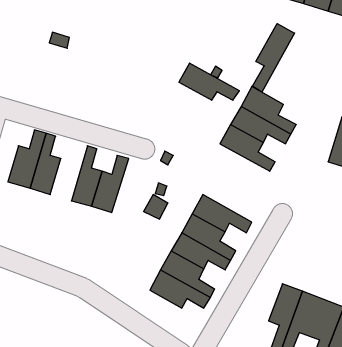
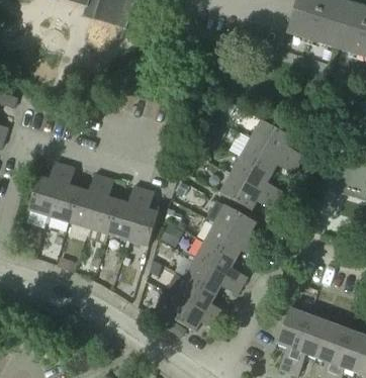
building: [252,24,295,92] -> none
building: [179,63,239,100] -> [221,173,279,208]
building: none -> [70,172,105,227]
building: none -> [128,187,160,245]
building: none -> [215,203,267,248]

